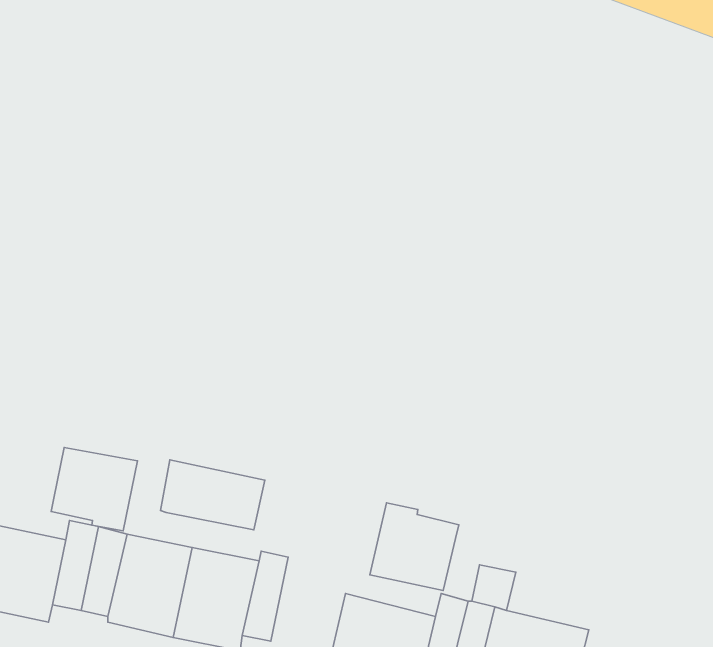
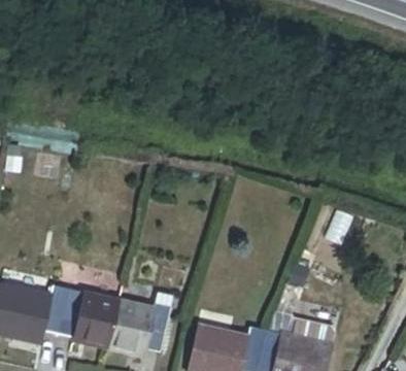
building: [51,447,137,531] -> none
building: [161,460,265,530] -> none
building: [370,503,459,590] -> none

